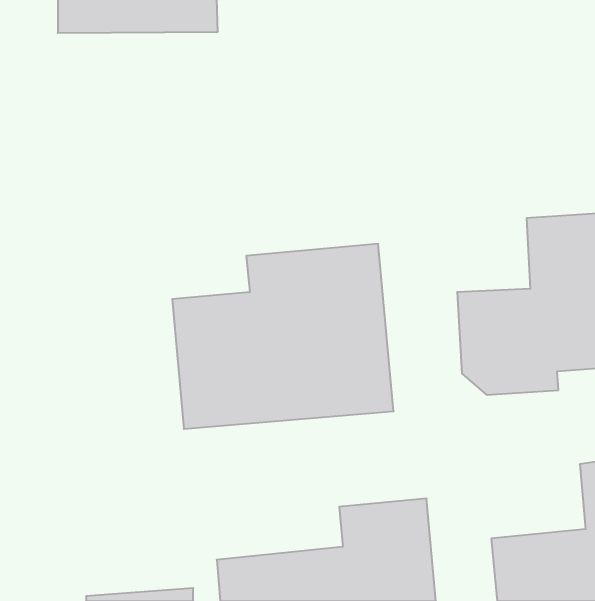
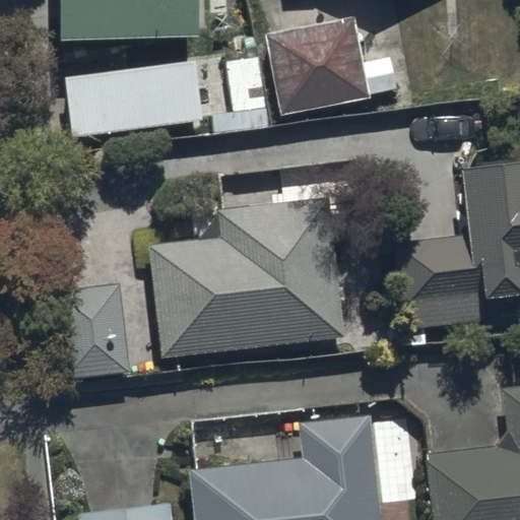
building: none -> [266,10,399,112]
building: none -> [63,47,199,124]
building: none -> [59,286,130,389]

